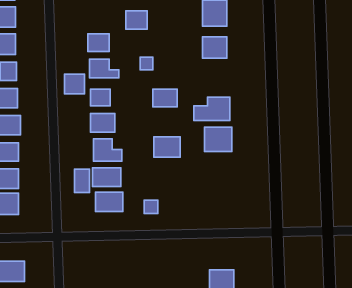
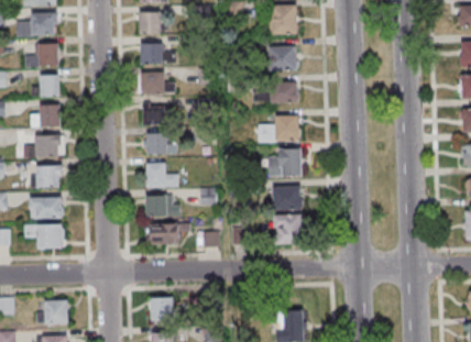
building: [126,11,147,29] -> [138,13,162,34]
building: [64,74,85,94] -> none
building: [153,89,177,107] -> [271,84,298,103]
building: [154,137,180,157] -> [273,188,303,211]
building: [75,169,89,192] -> none
building: none -> [275,217,304,245]
building: none -> [151,299,175,323]

